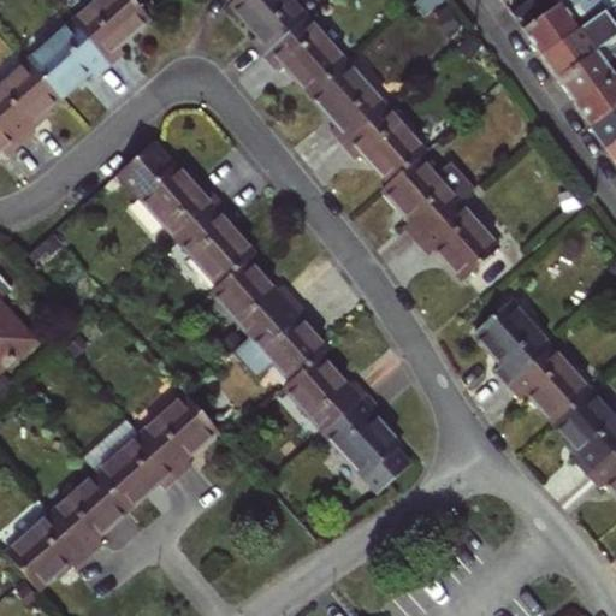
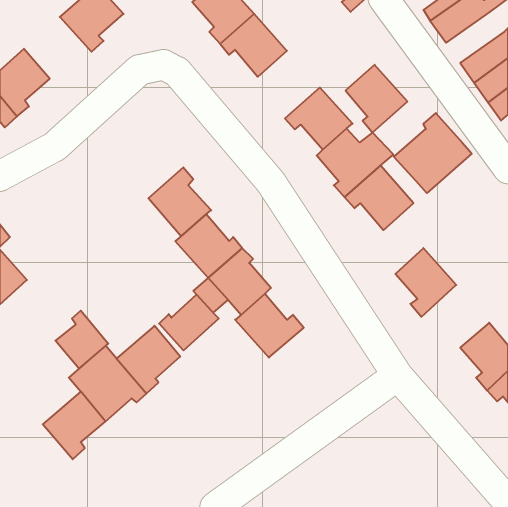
building: [539,14,609,76] -> none
building: [29,20,111,95] -> none
building: [312,61,386,143] -> [346,65,407,132]
building: none -> [394,113,472,193]
building: [119,142,221,239] -> none
building: [509,344,591,420] -> none
building: none -> [159,294,219,350]
building: none -> [55,311,108,368]
building: [325,396,411,492] -> none
building: [7,513,88,587] -> none

